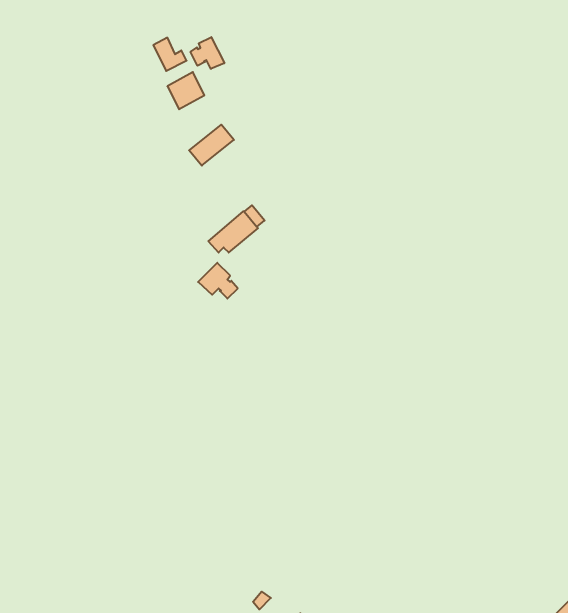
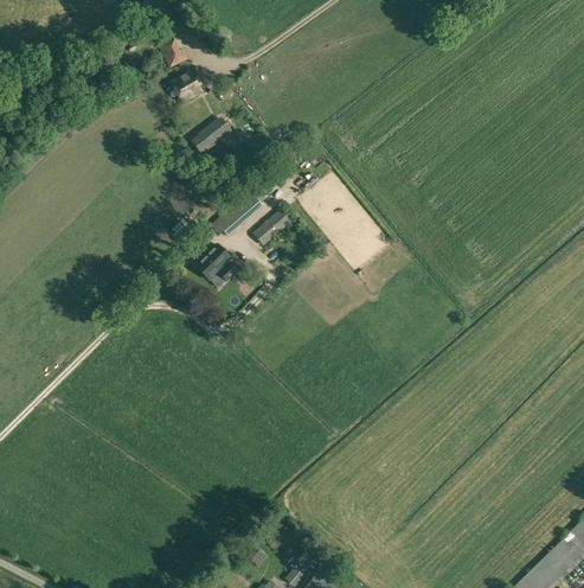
building: [191,37,224,69] -> none
building: none -> [254,209,293,247]

